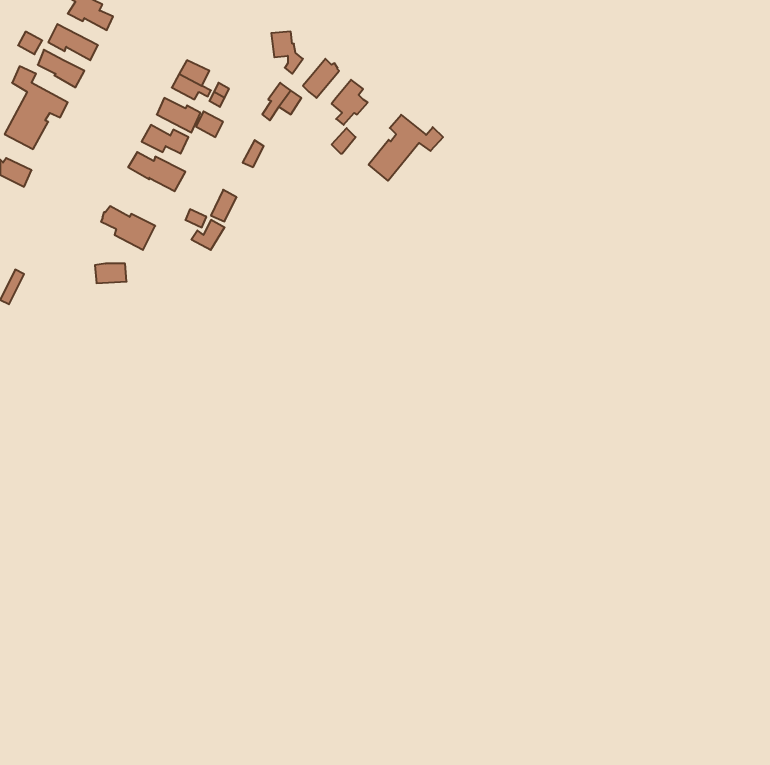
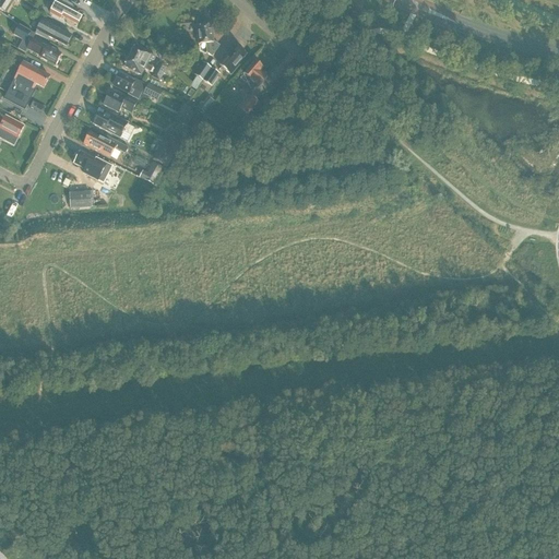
building: [369,115,443,181] -> none
building: none -> [83,130,128,155]

